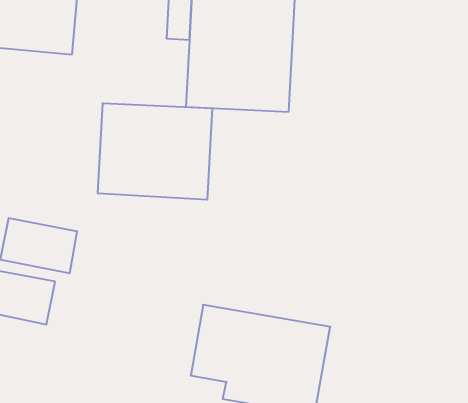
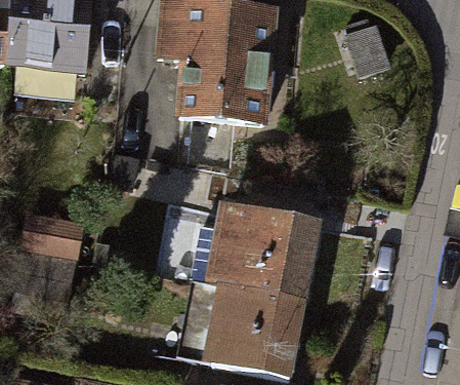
building: [98,103,212,200] -> none
building: none -> [206,206,315,302]

